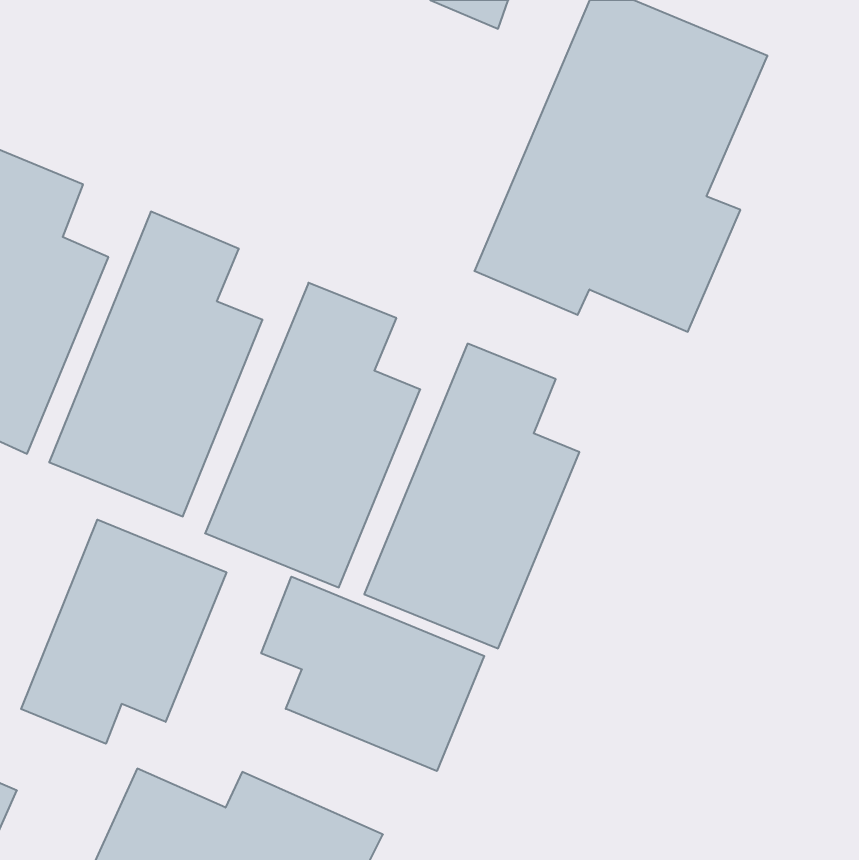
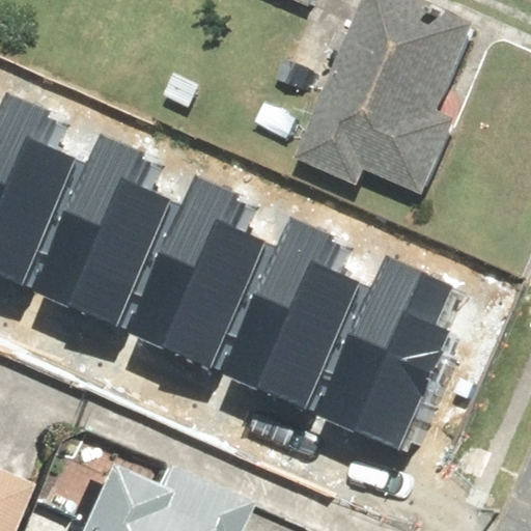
building: none -> [322,256,453,443]
building: [21,520,226,744] -> none
building: [261,577,484,771] -> none

